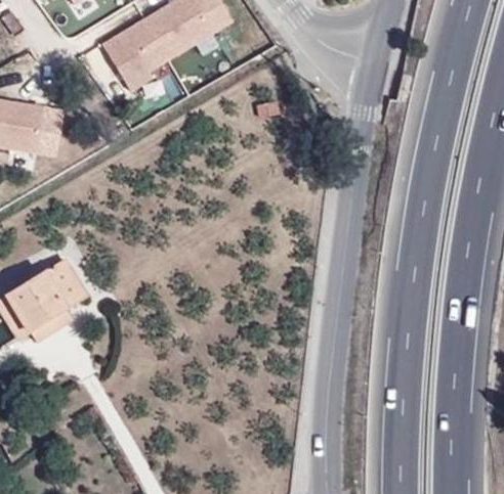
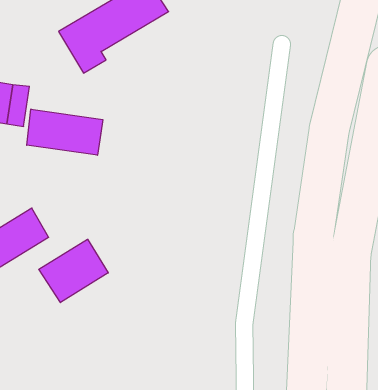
building: none -> [27,109,103,155]
building: none -> [39,239,108,303]

